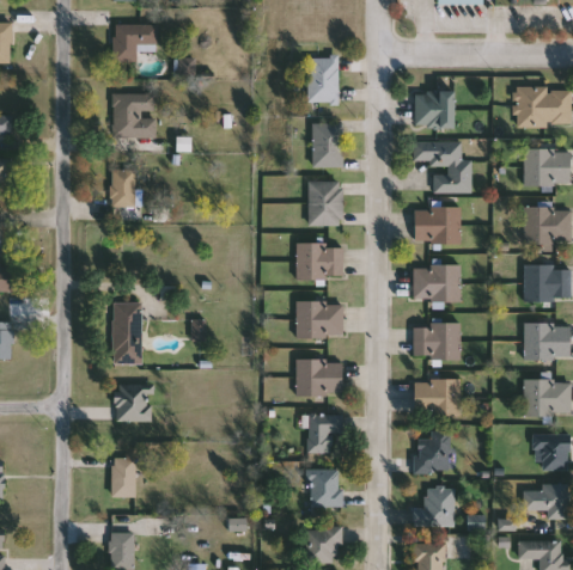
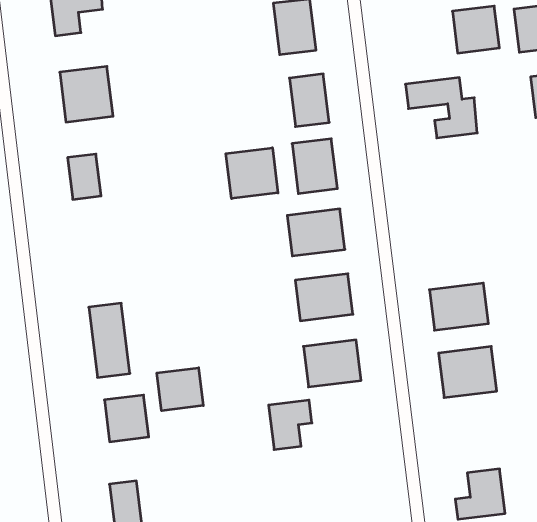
building: [414,91,451,128] -> [452,6,499,53]
building: none -> [226,148,278,199]
building: [413,207,459,244] -> none
building: [412,265,459,301] -> none
building: none -> [157,368,203,411]
building: [306,415,342,454] -> [269,400,312,450]
building: [413,431,449,473] -> none
building: [309,470,340,507] -> none

